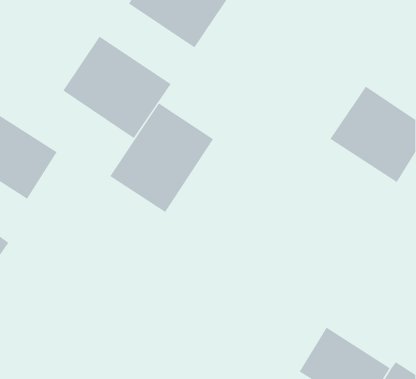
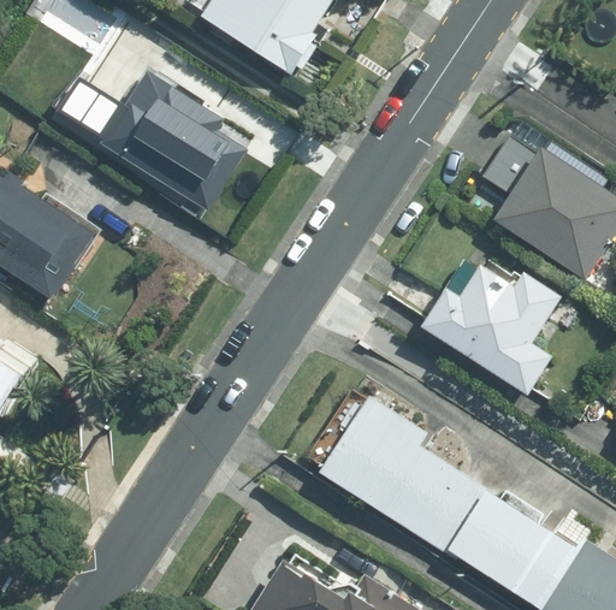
building: [109,102,214,213] -> none
building: none -> [419,247,559,397]
building: none -> [316,395,484,552]

